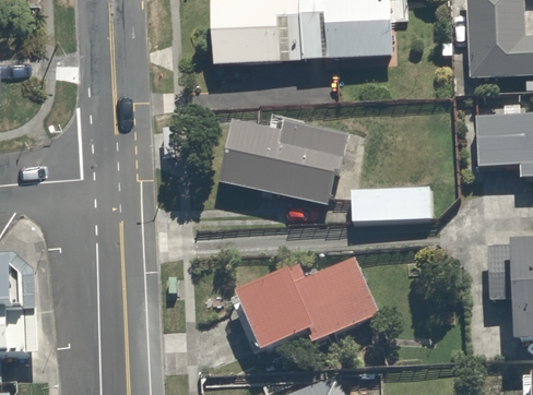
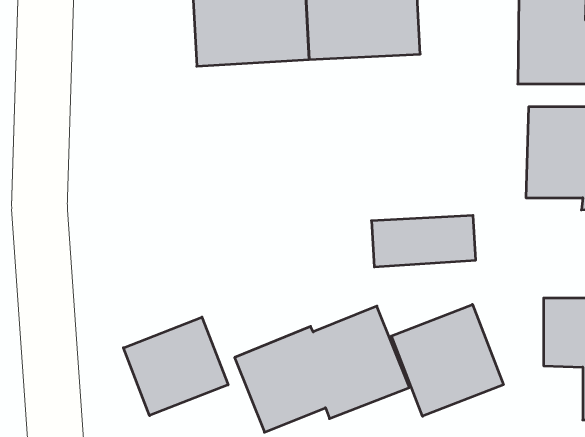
building: [221,123,356,208] -> none
building: none -> [391,304,503,416]
building: none -> [123,317,228,416]

